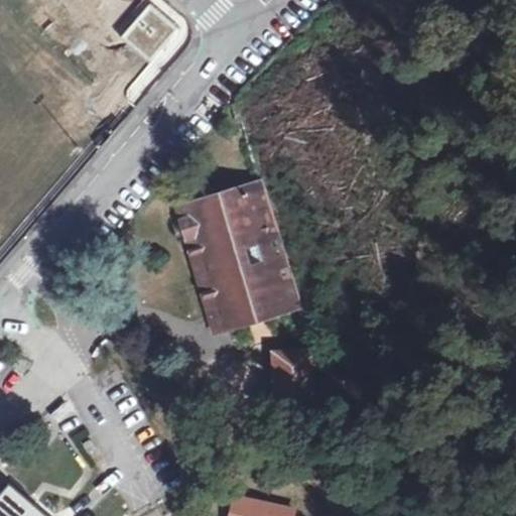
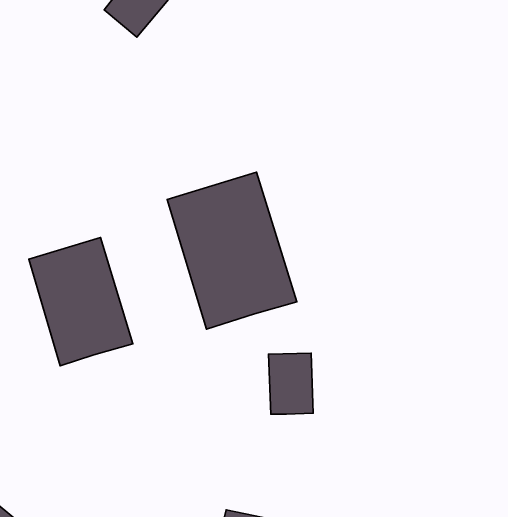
building: none -> [29,238,133,366]

